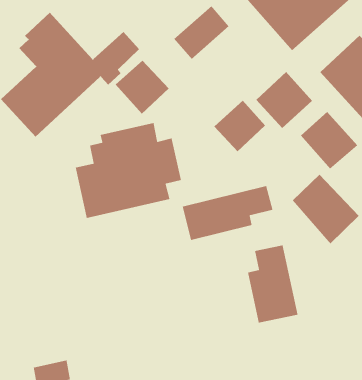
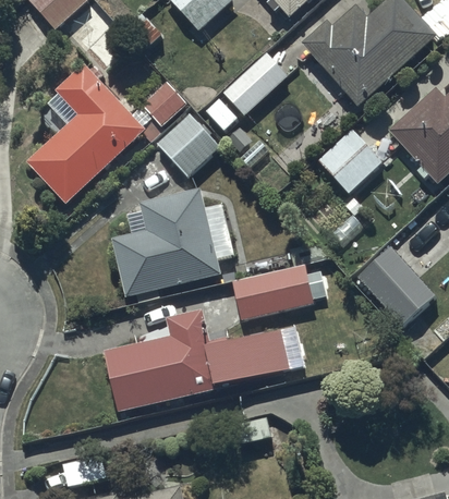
building: [213,100,266,152] -> none
building: [300,111,358,170] -> none
building: none -> [106,311,287,411]
building: [247,245,298,324] -> none

